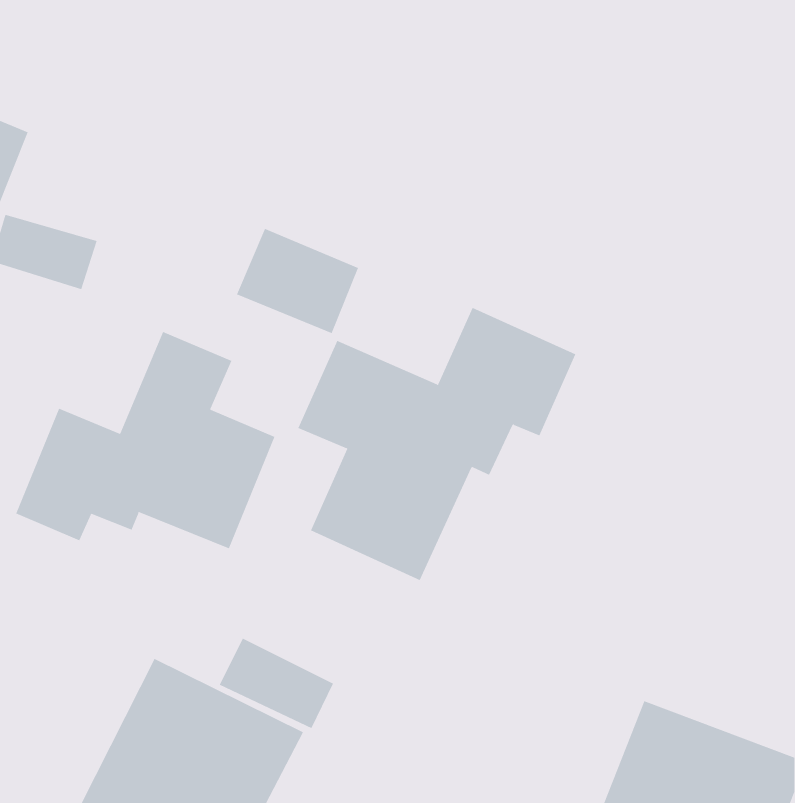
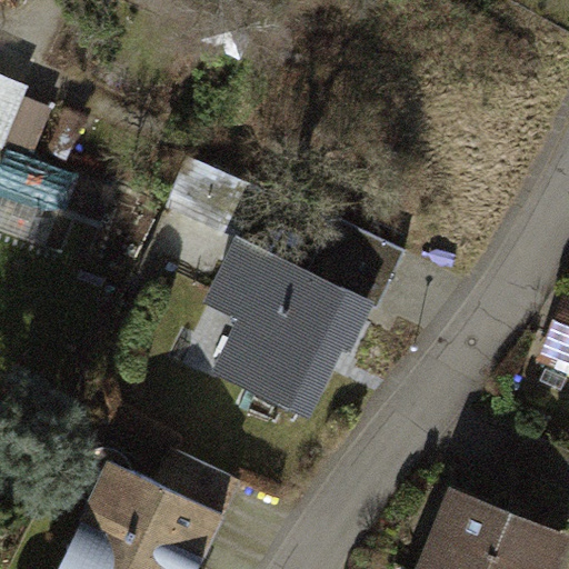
building: [15,331,275,549] -> none

